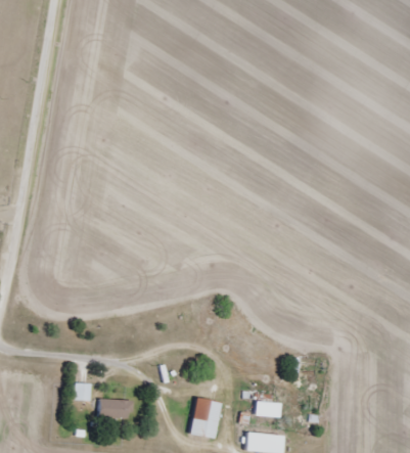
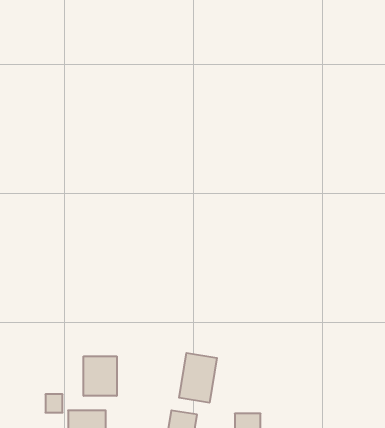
building: none -> [179,353,217,403]
building: none -> [84,356,117,396]

